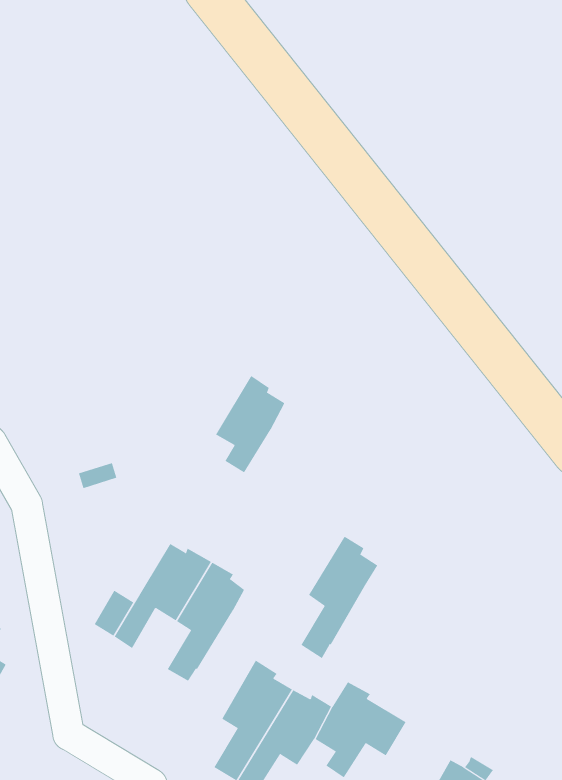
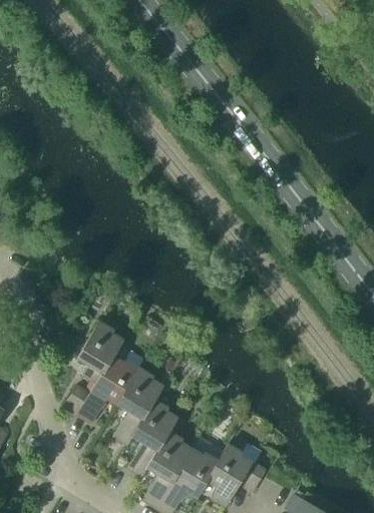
building: [215,375,285,473] -> [78,320,123,383]
building: [300,536,378,659] -> [127,398,177,477]

